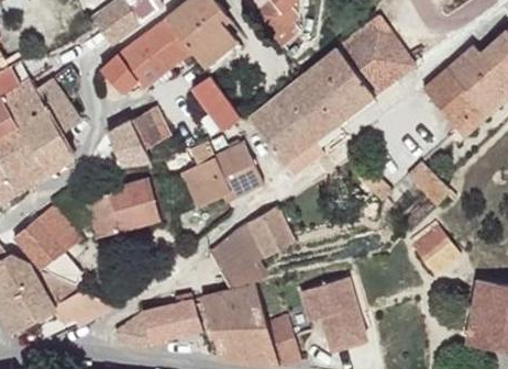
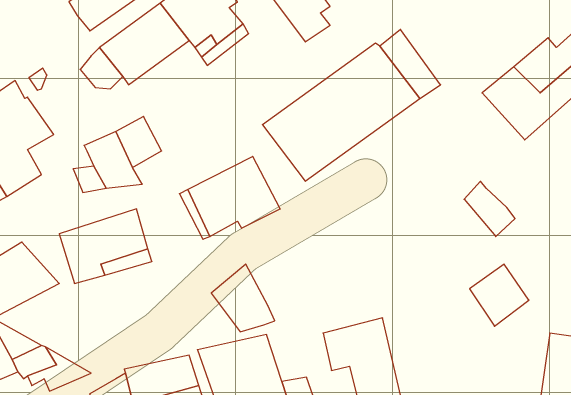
building: [358,22,416,85] -> none
building: [192,75,241,126] -> none
building: [235,206,290,260] -> none

